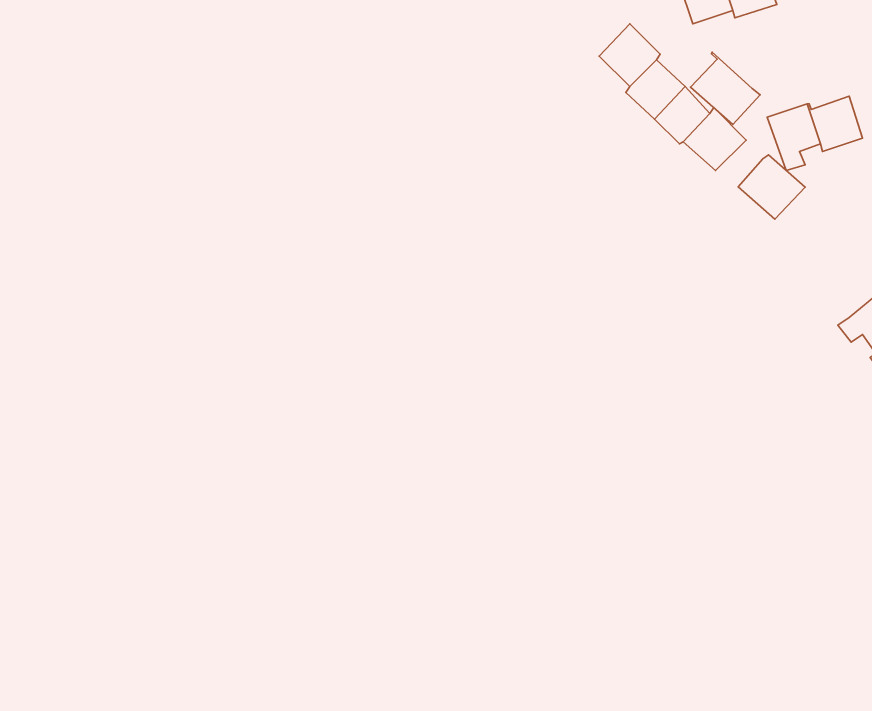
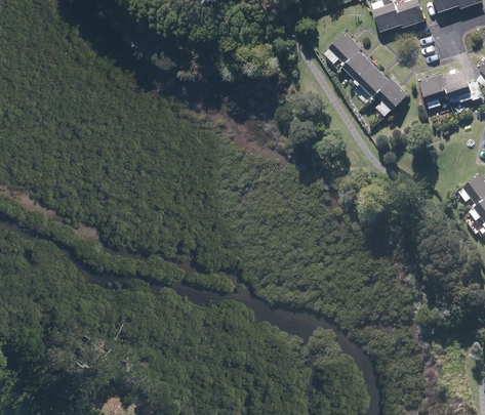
building: [690,52,760,125] -> none
building: [738,155,805,219] -> none

